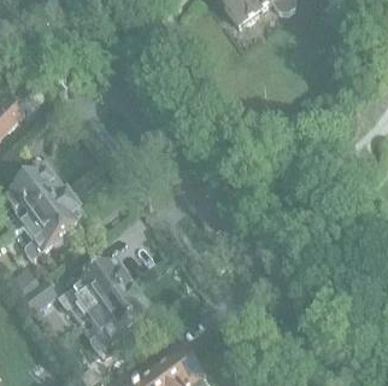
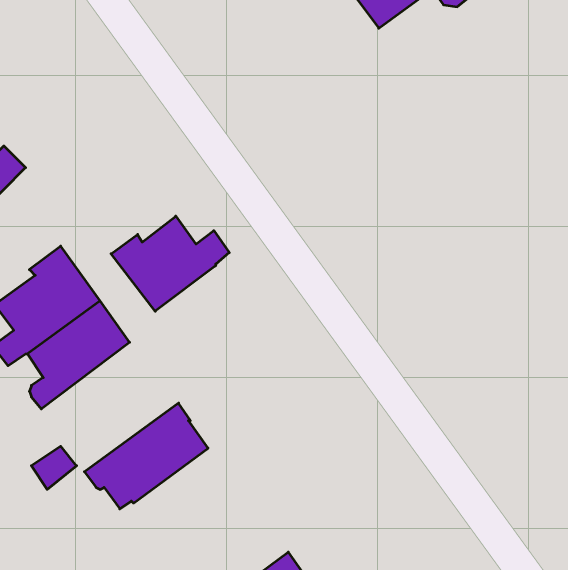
building: none -> [111,216,229,311]
building: [87,282,153,350] -> none

